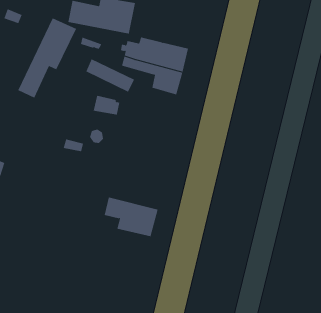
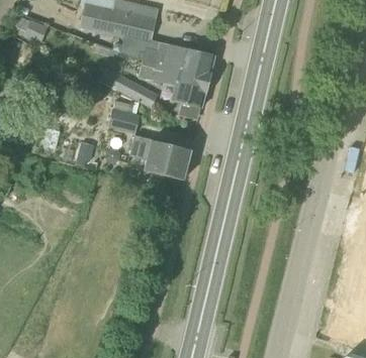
building: [18,18,77,98] -> none
building: [104,197,158,237] -> [131,136,192,181]

